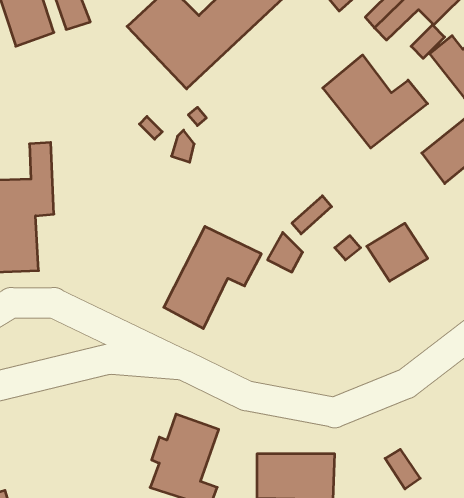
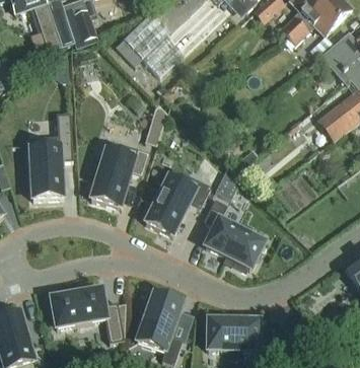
building: [323,55,428,148] -> none
building: none -> [91,140,149,208]
building: none -> [204,200,265,272]
building: none -> [51,289,124,343]

